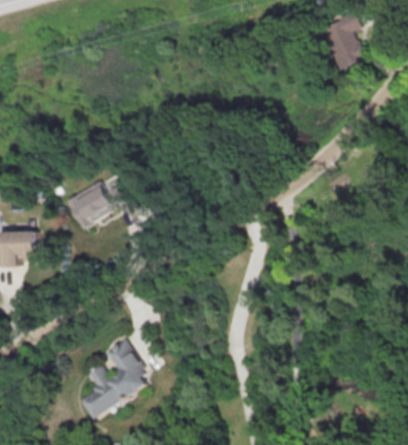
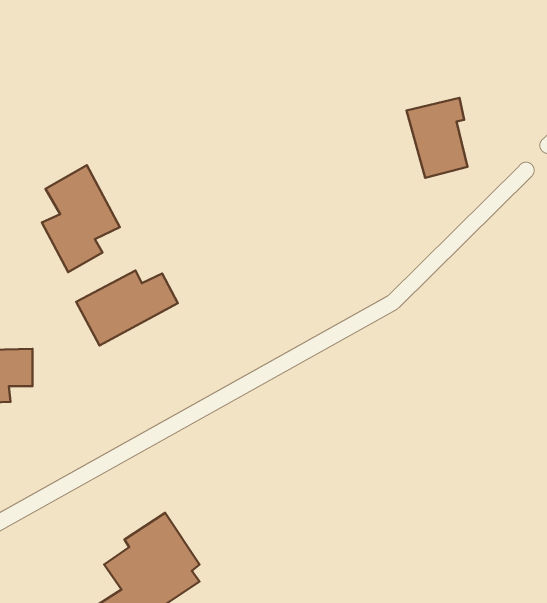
building: [322,16,362,69] -> [406,98,467,178]
building: none -> [42,165,120,272]

